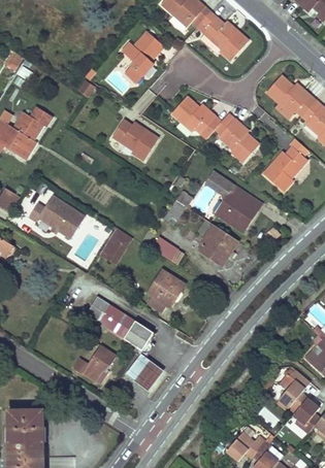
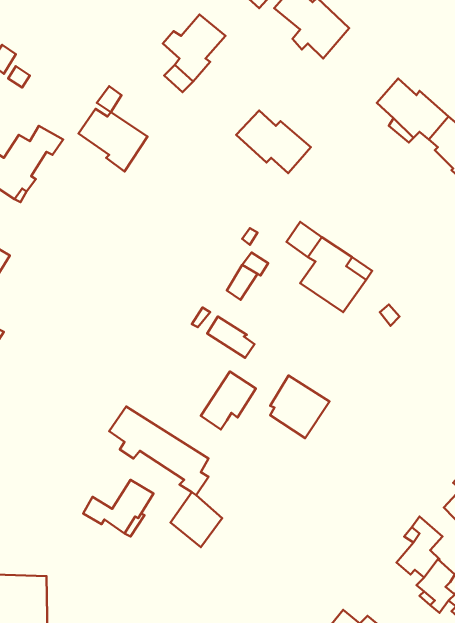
building: [214,112,258,162] -> none
building: [111,119,158,161] -> [79,109,147,172]
building: [262,137,306,191] -> none
building: [28,195,85,238] -> none
building: [198,223,238,265] -> [270,375,330,438]
building: [98,235,127,264] -> none

